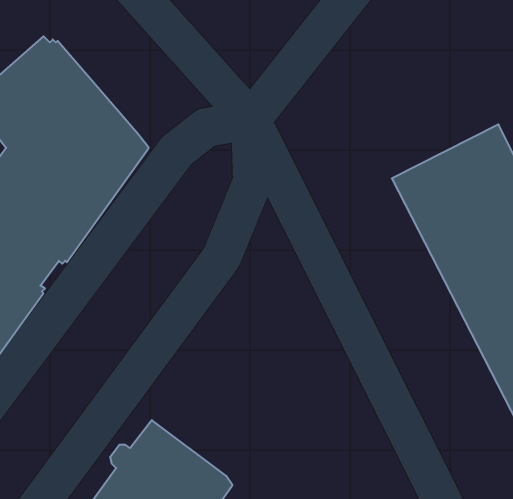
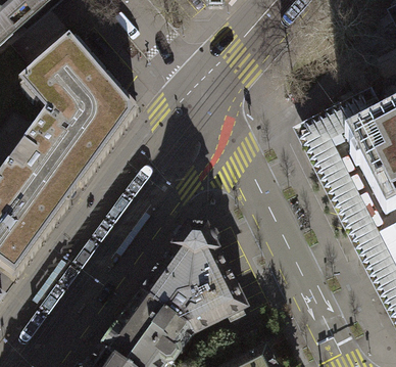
building: none -> [141,224,247,332]

